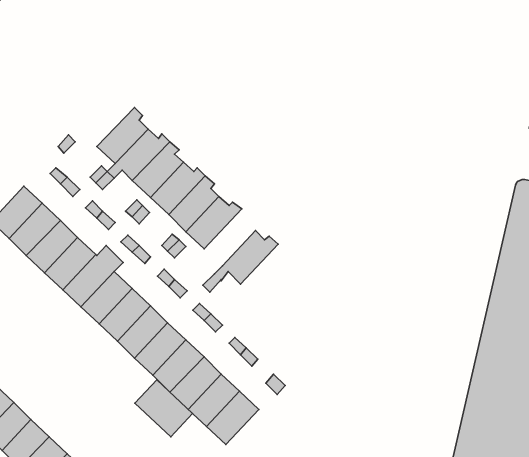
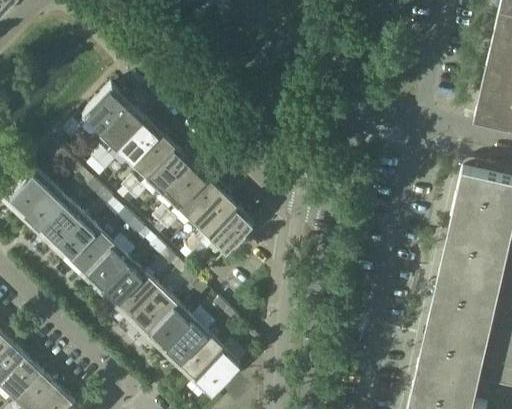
building: none -> [81,88,130,133]
building: none -> [185,188,236,255]
building: [135,380,193,437] -> none

